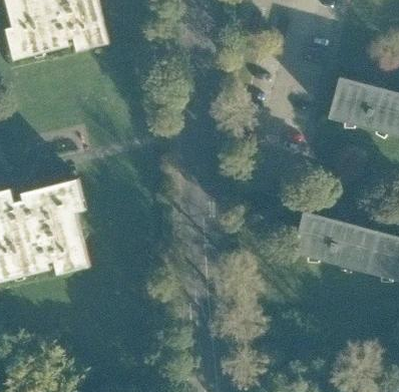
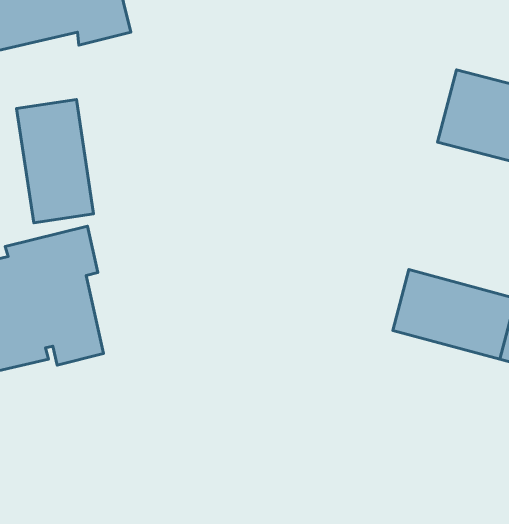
building: none -> [17,99,94,223]

